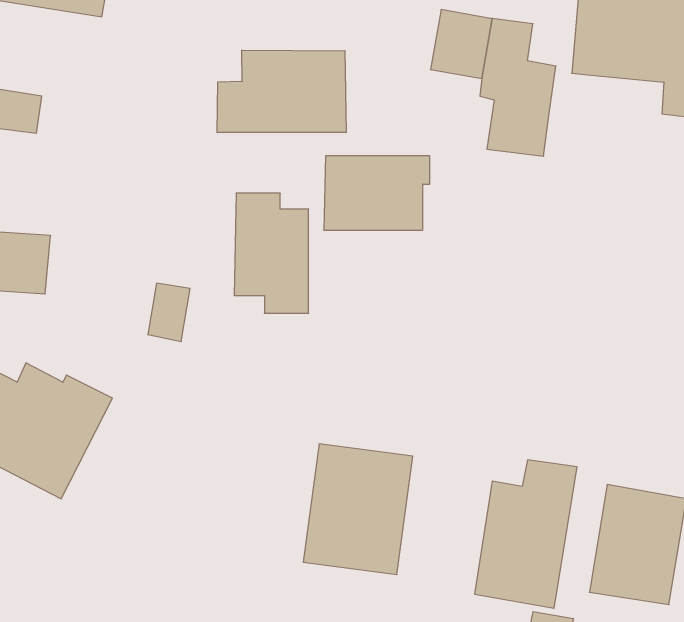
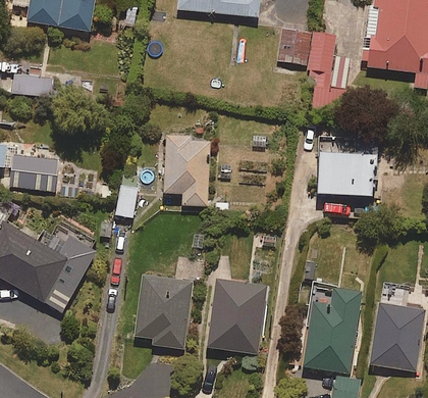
building: [217,50,346,133] -> none
building: [324,156,430,230] -> [317,152,378,195]
building: none -> [137,275,192,349]

